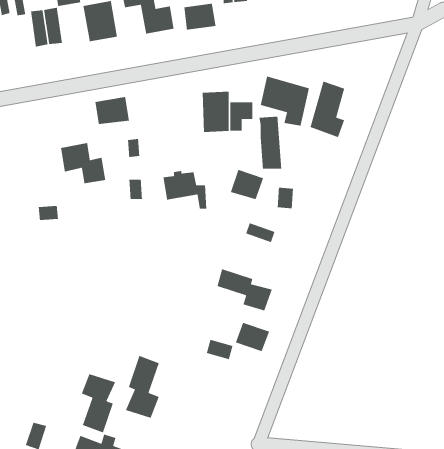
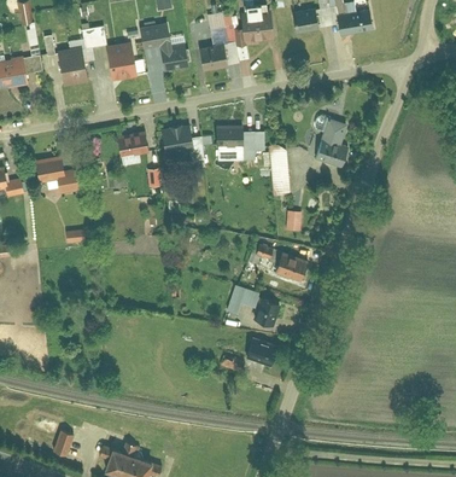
building: [260,76,310,126] -> none
building: [60,142,106,184] -> [37,155,80,193]
building: [230,169,264,200] -> [276,254,308,283]
building: [163,170,207,210] -> [162,122,203,158]
building: [125,355,160,419] -> none
building: [81,373,116,434] -> none

